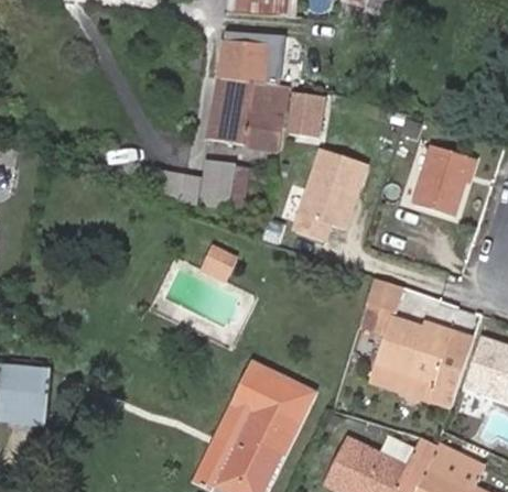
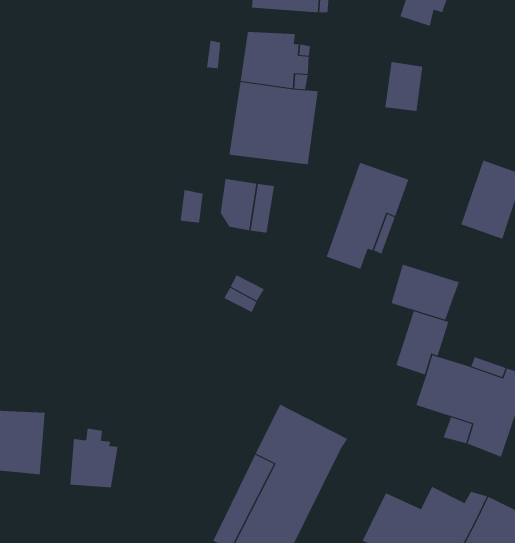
building: [288,94,322,138] -> [385,62,423,111]
building: none -> [391,264,459,321]
building: none -> [70,428,118,488]

